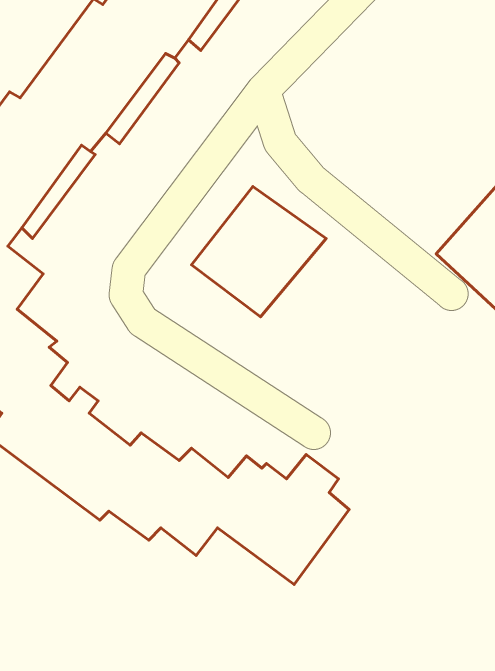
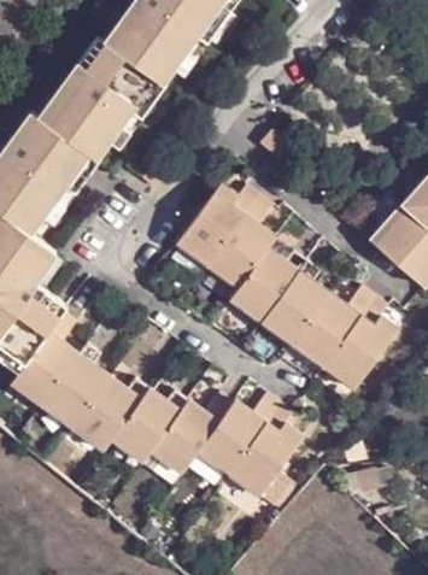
building: none -> [225,246,394,386]

